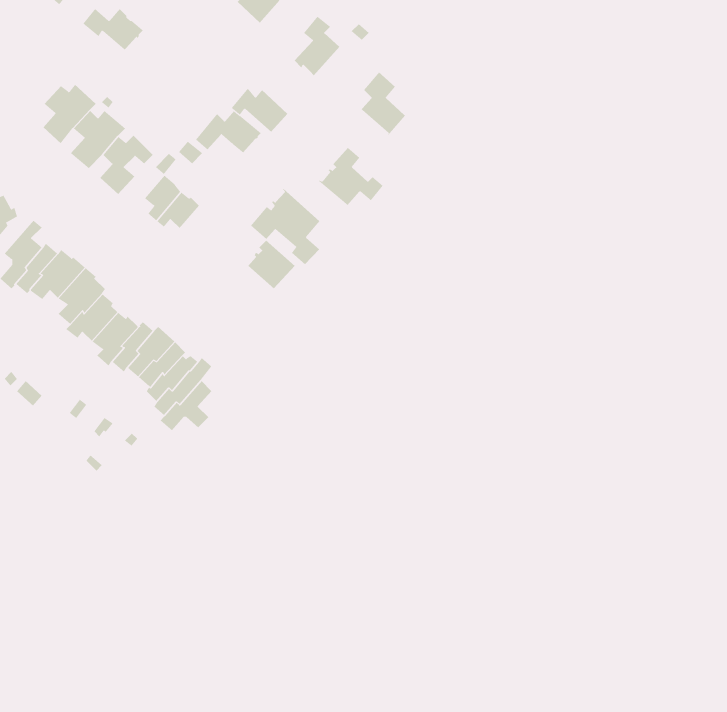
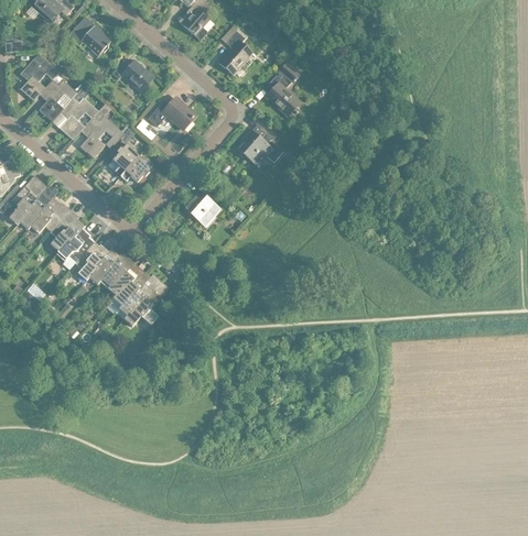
building: none -> [20,58,58,100]
building: [231,88,288,132] -> [111,58,152,90]
building: [250,188,320,265] -> none

